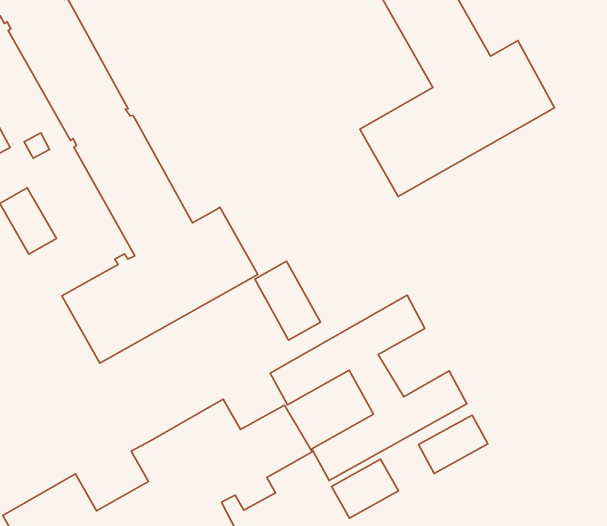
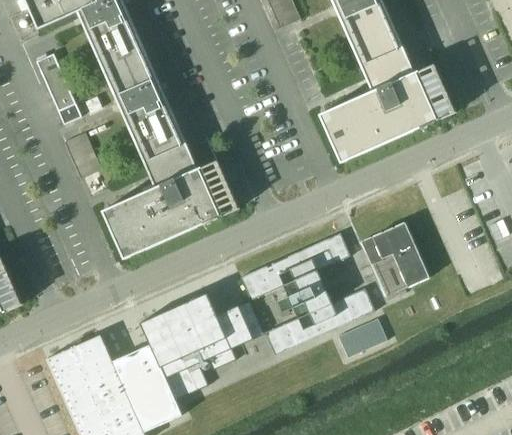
building: [255,261,320,340] -> none
building: none -> [361,222,428,297]
building: [331,459,398,518] -> none

